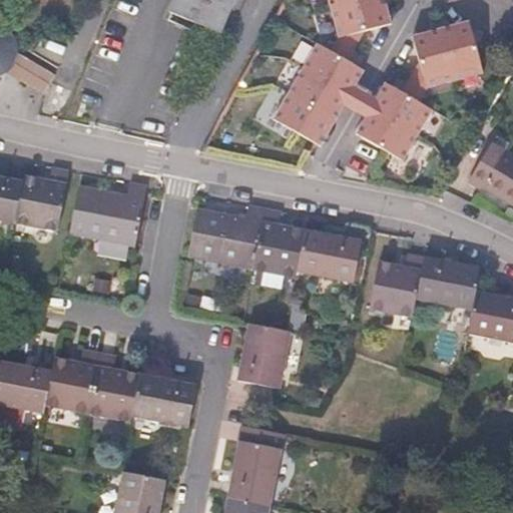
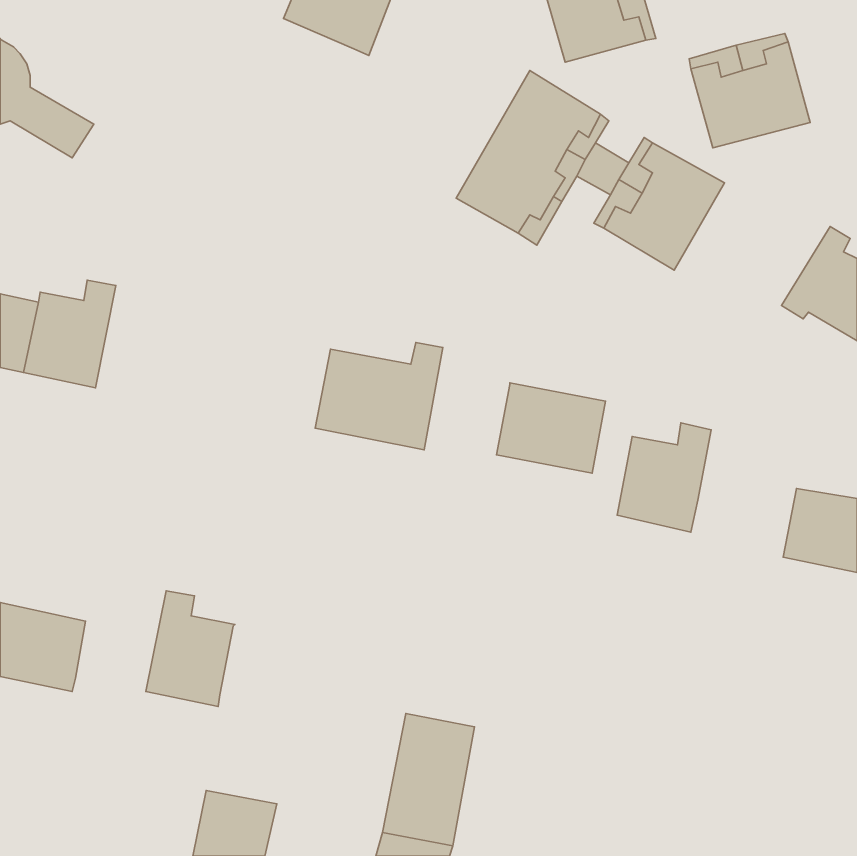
building: [69,181,147,245] -> none
building: [253,207,305,278] -> none
building: [417,256,480,310] -> none
building: [238,324,291,389] -> none
building: [45,350,99,413] -> none
building: [131,374,196,427] -> none

